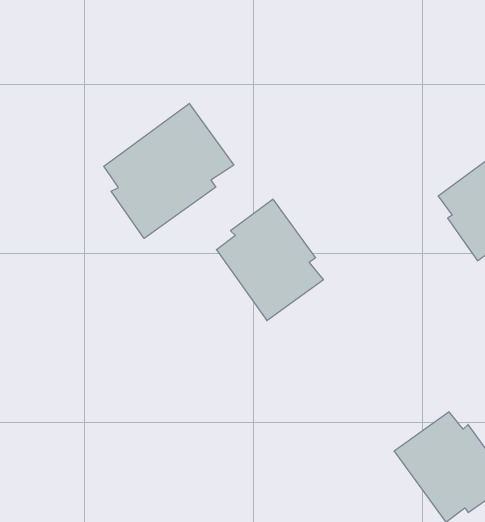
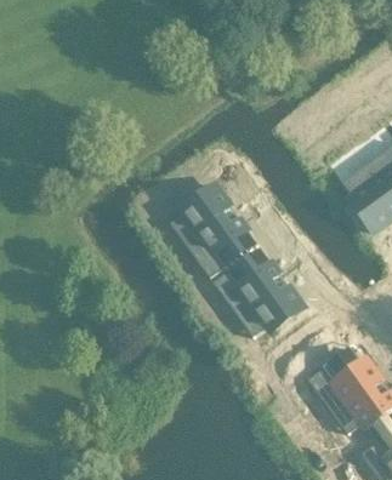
building: [104,103,234,238] -> none
building: none -> [212,250,302,335]

